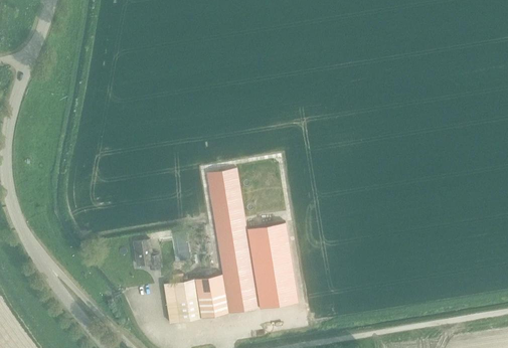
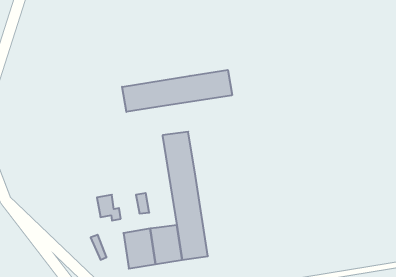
building: none -> [122,70,232,112]
building: [246,223,297,309] -> none

